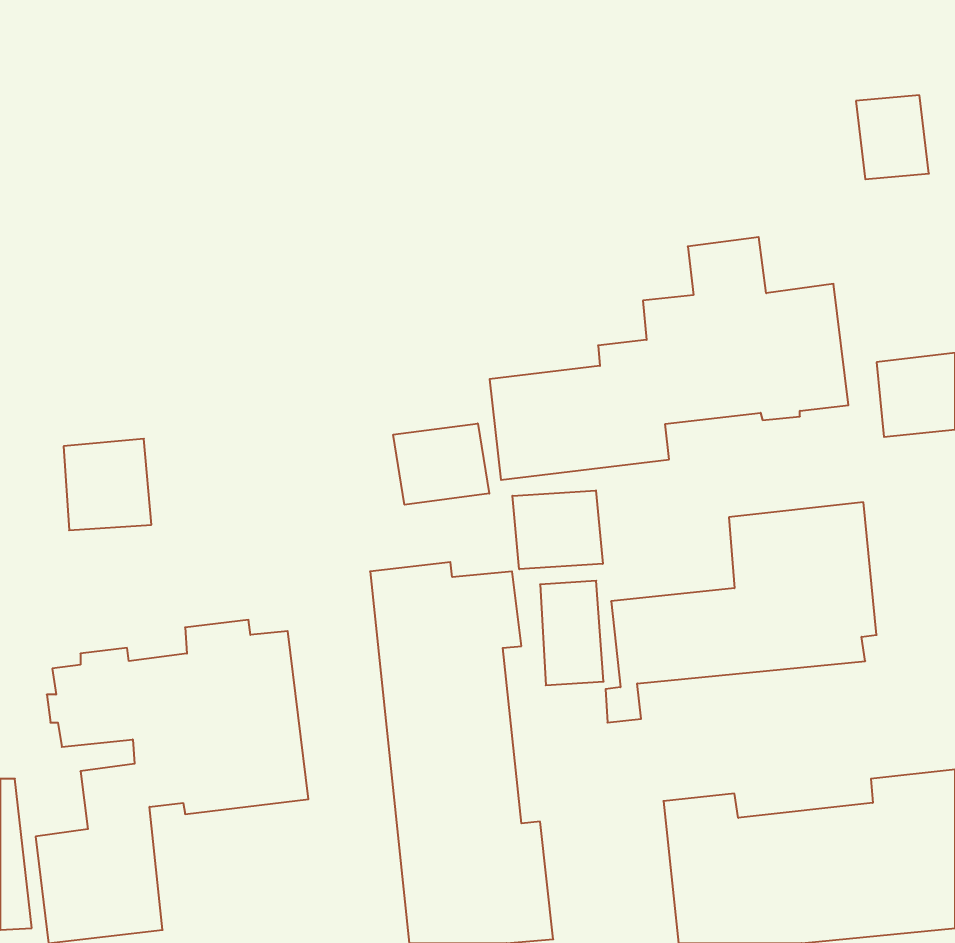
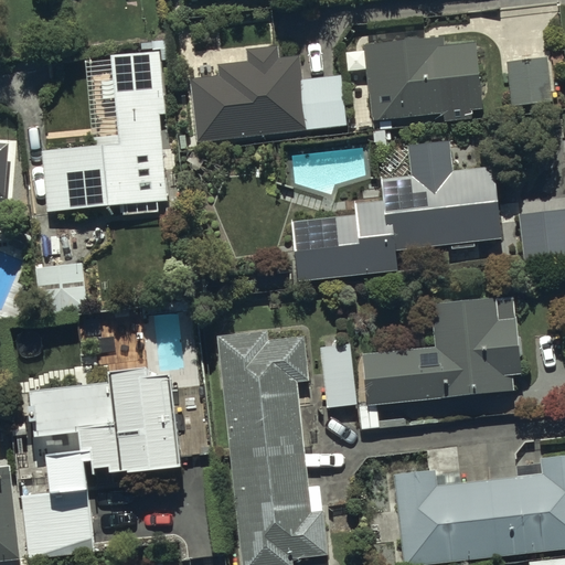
building: none -> [363,38,481,119]
building: none -> [191,45,344,141]
building: none -> [36,51,169,216]
building: [393,423,489,505] -> none
building: [512,490,603,569] -> none

